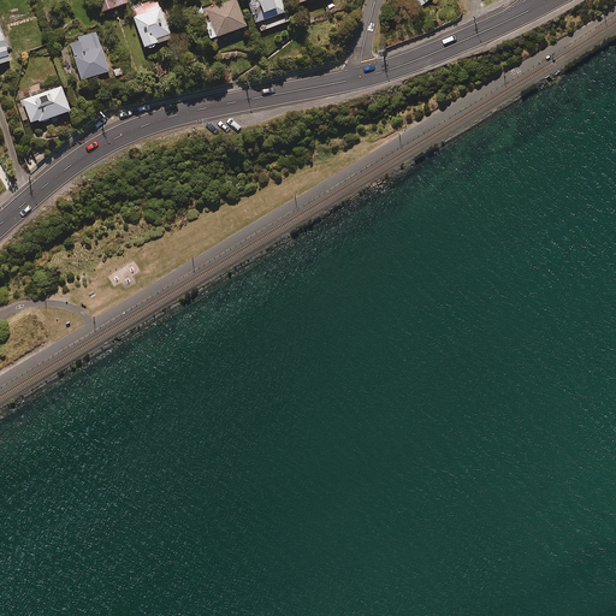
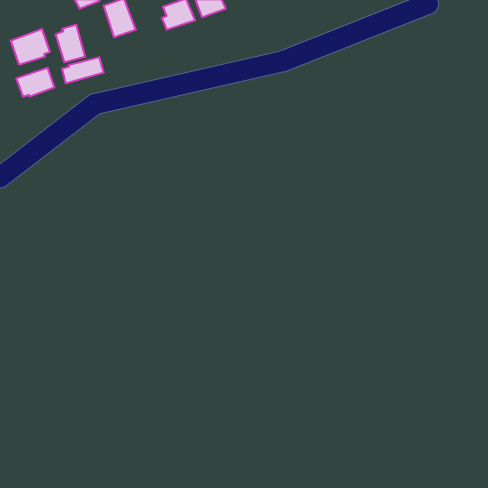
building: none -> [11,29,50,65]
building: none -> [62,57,104,83]

